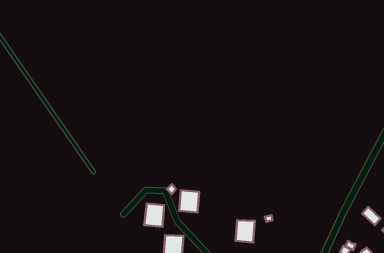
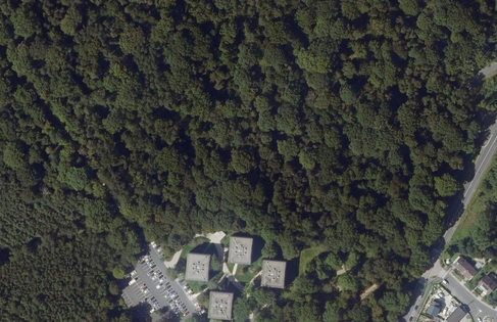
building: [236,220,255,243] -> [262,260,286,287]

